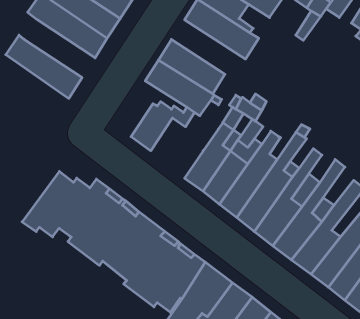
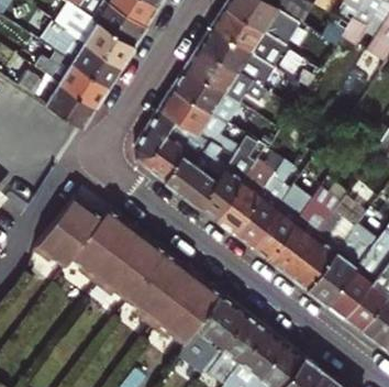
building: none -> [36,48,108,107]
building: none -> [185,48,273,108]
building: none -> [133,110,200,166]
building: none -> [164,142,232,208]

